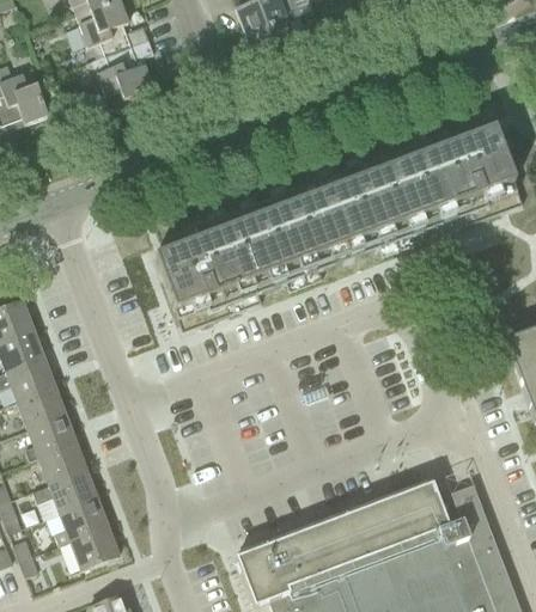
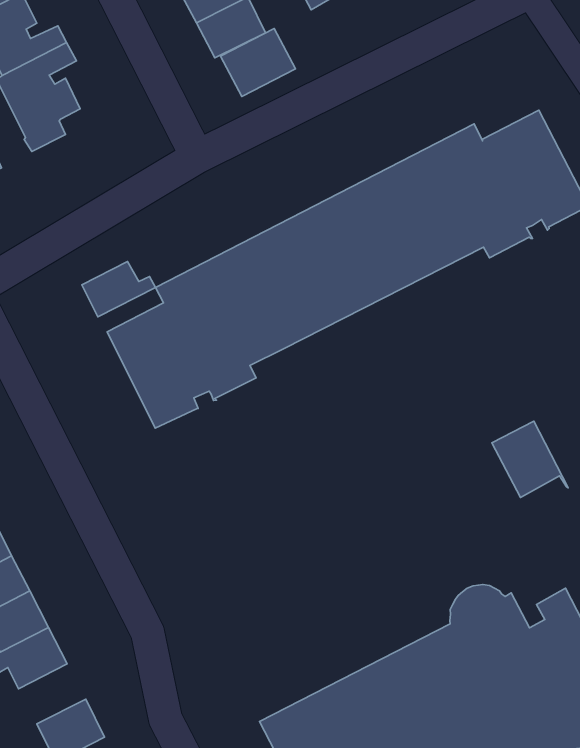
building: none -> [220,28,296,96]
building: none -> [82,261,155,317]
building: none -> [492,421,568,497]
building: [55,497,108,544] -> none

